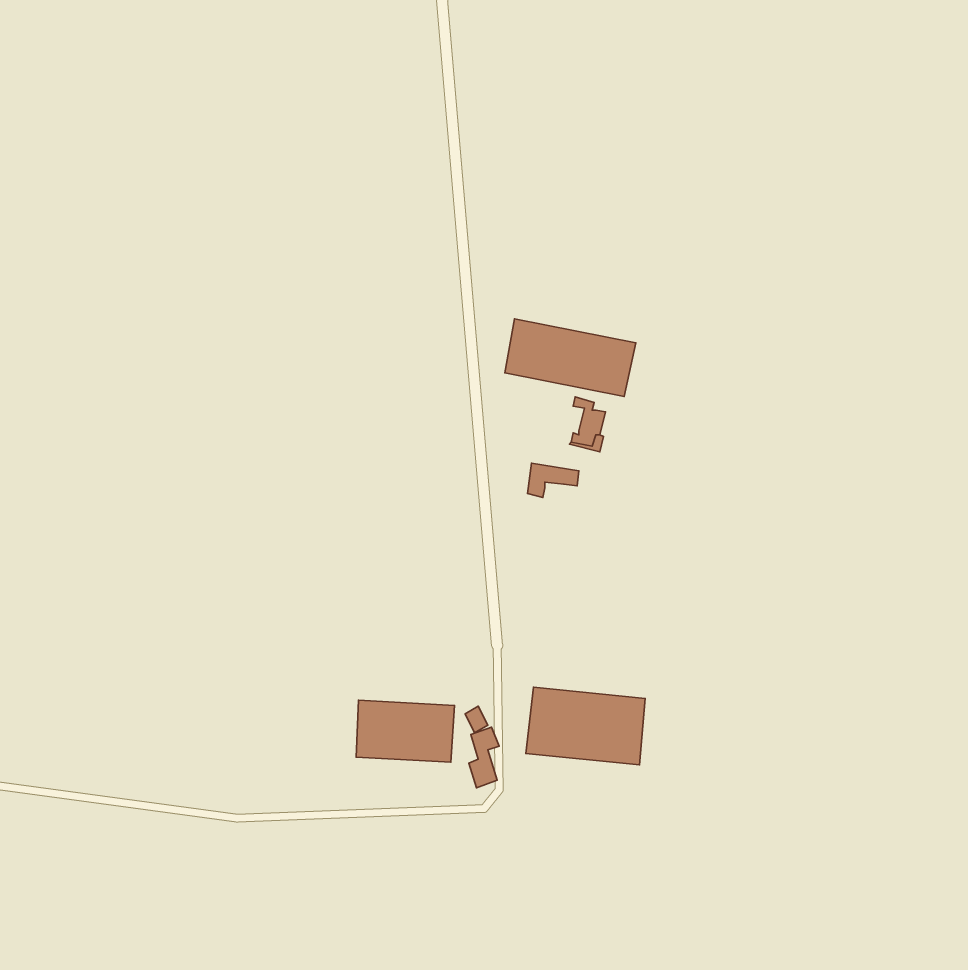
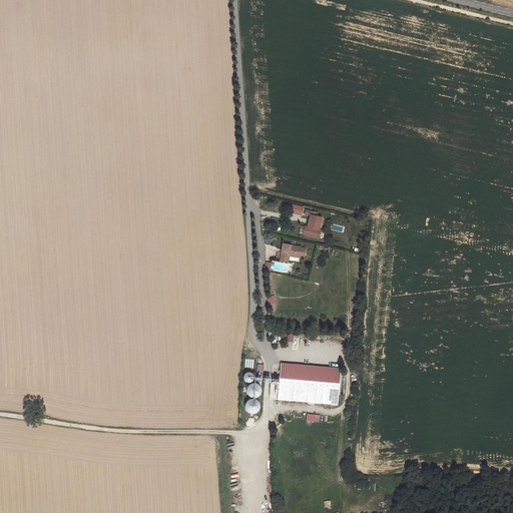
building: [505,319,636,397] -> none
building: [356,700,455,762] -> none

